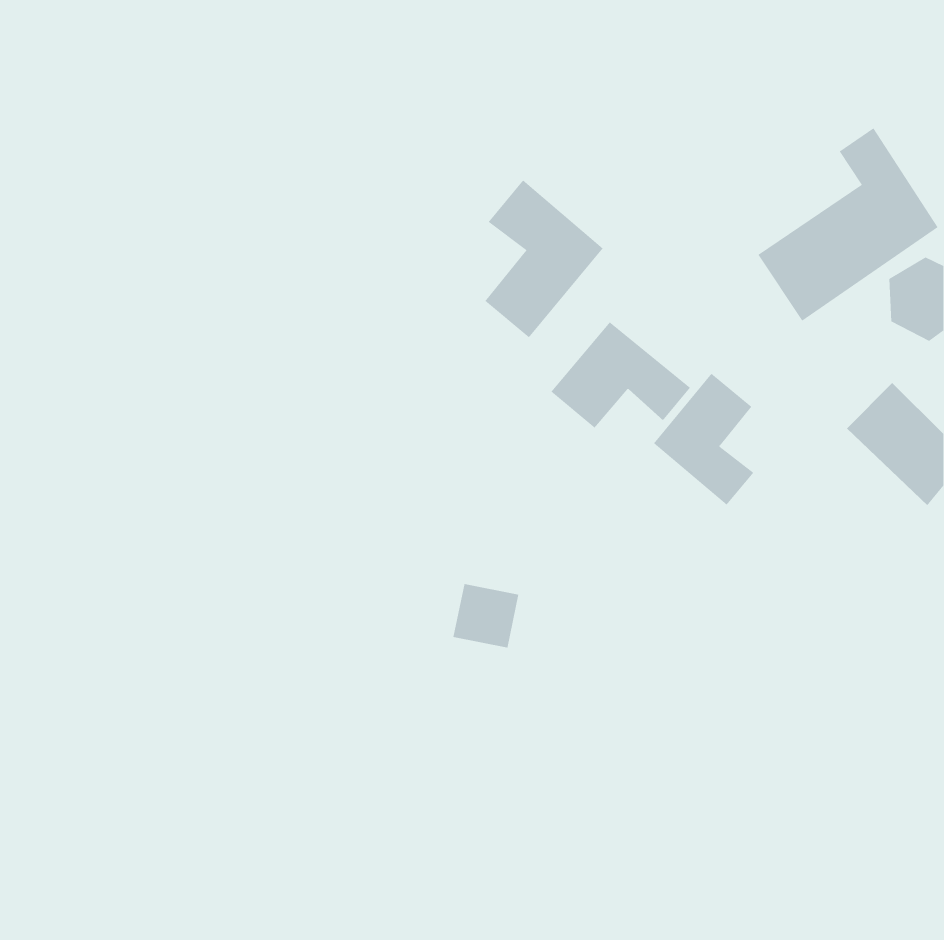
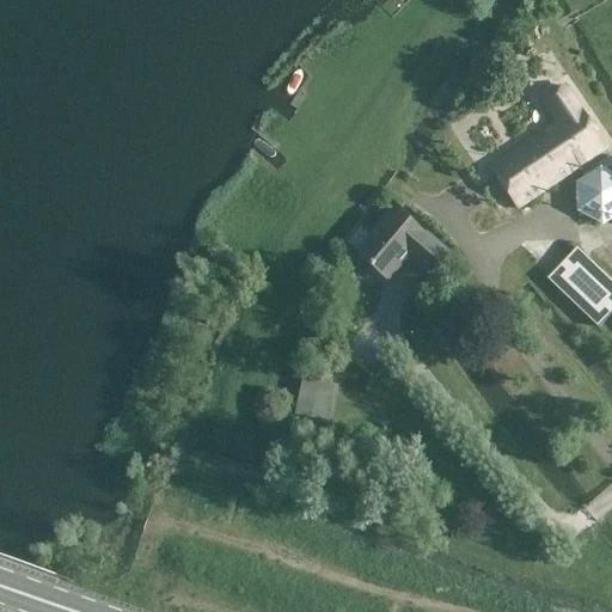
building: [484,180,603,338] -> none
building: [653,373,754,506] -> none

